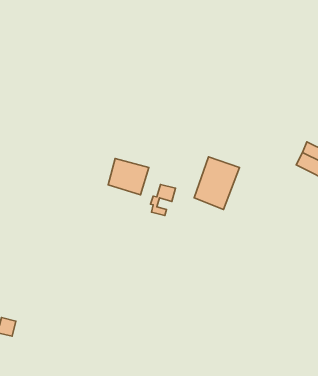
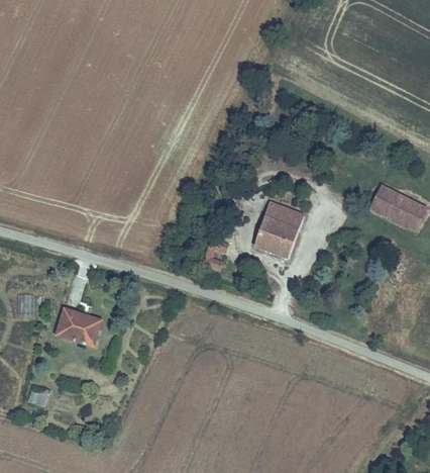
building: [108,159,149,195] -> none
building: none -> [57,305,104,346]

